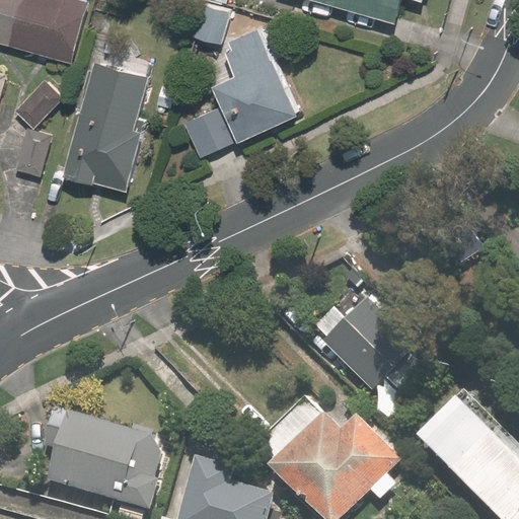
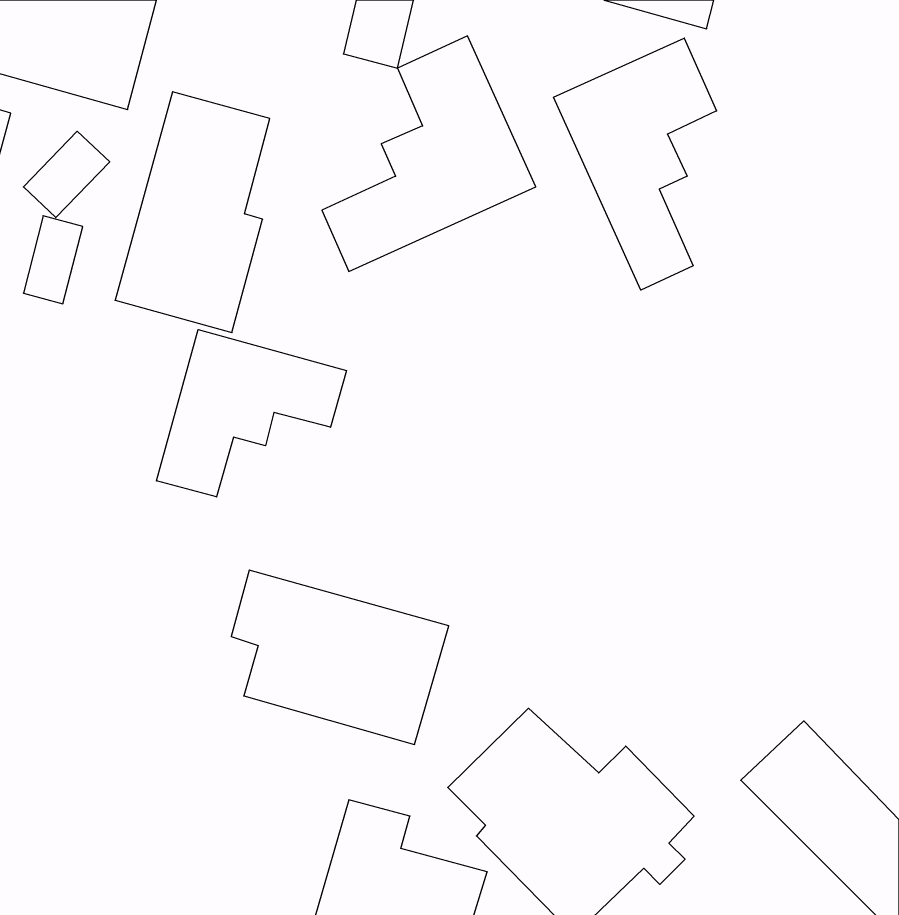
building: none -> [553,38,717,290]
building: none -> [156,330,347,497]
building: [310,305,420,393] -> none
building: [44,407,166,506] -> [231,570,449,744]

